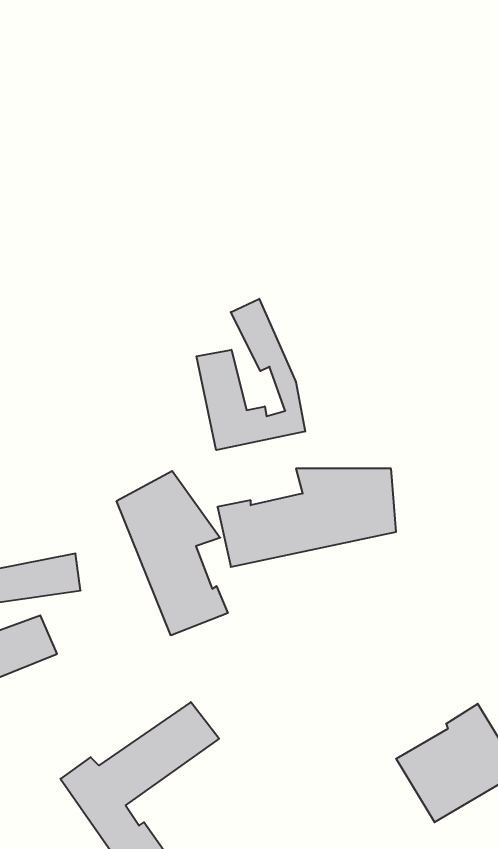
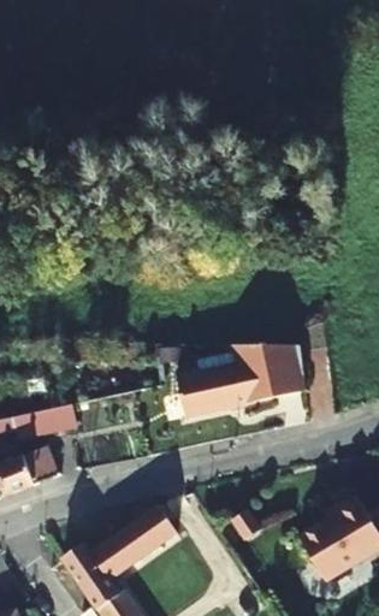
building: [196,299,305,450] -> none
building: [117,471,228,635] -> none

